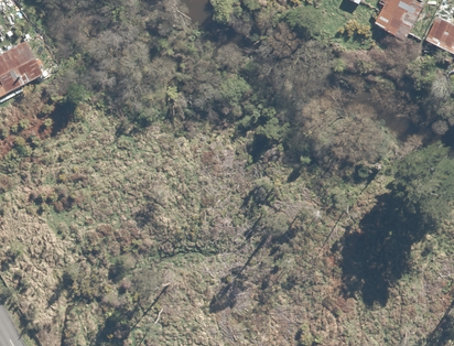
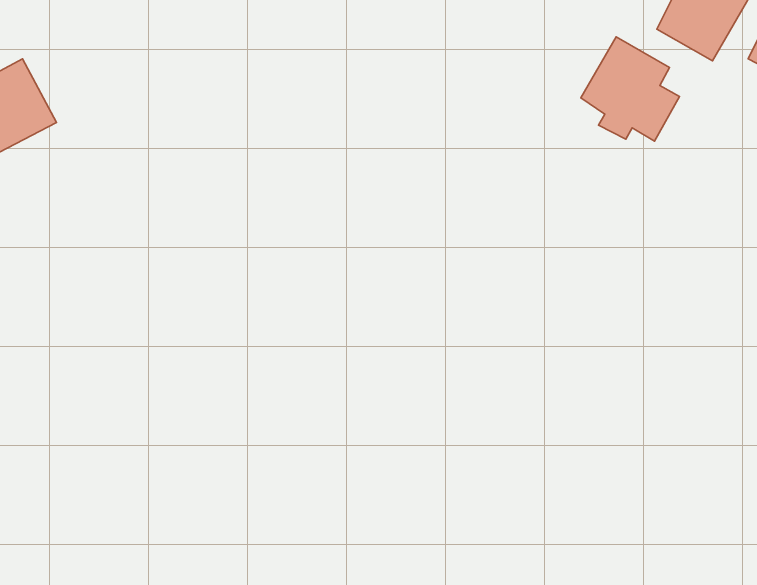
building: none -> [581,37,679,141]

